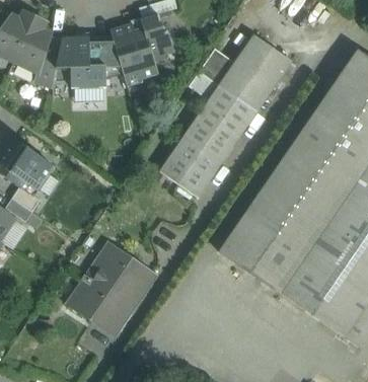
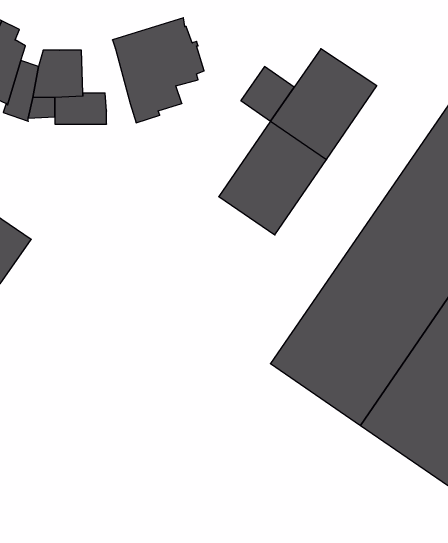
building: [89,35,123,78] -> none
building: [160,137,222,197] -> none
building: [71,247,154,328] -> none

